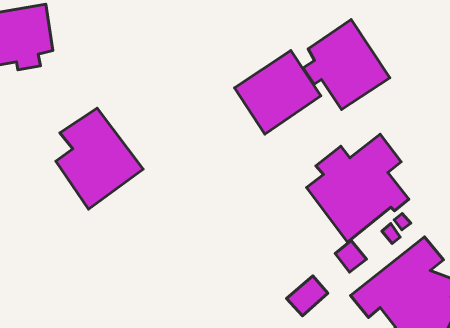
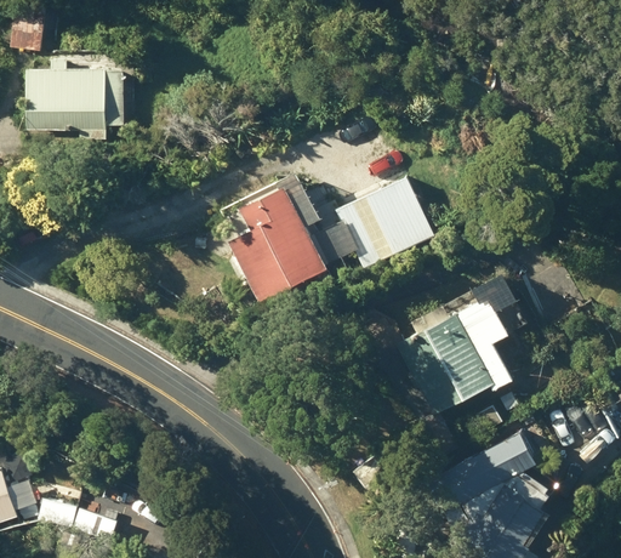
building: [303,19,390,110] -> none
building: [56,108,143,209] -> [229,183,332,302]

